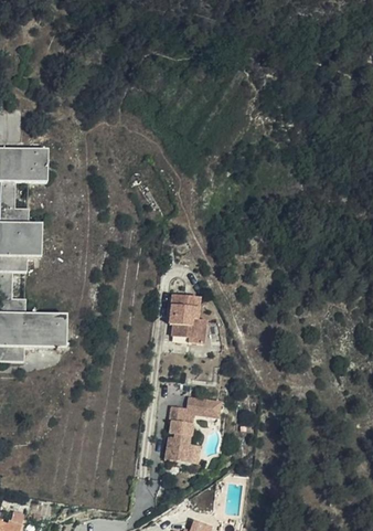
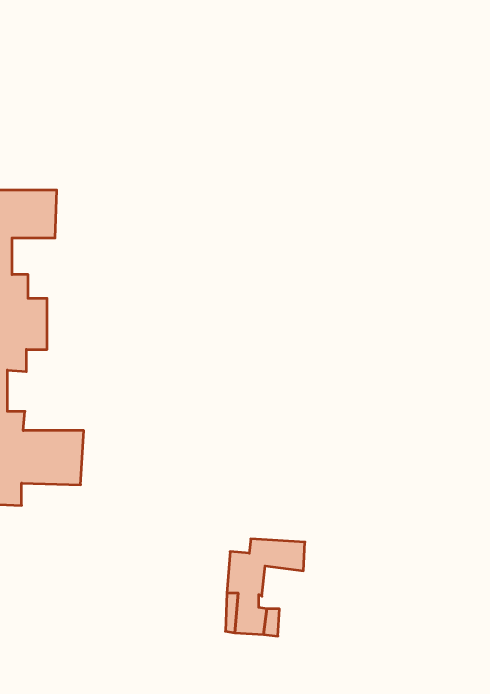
building: [167,293,202,339] -> none

